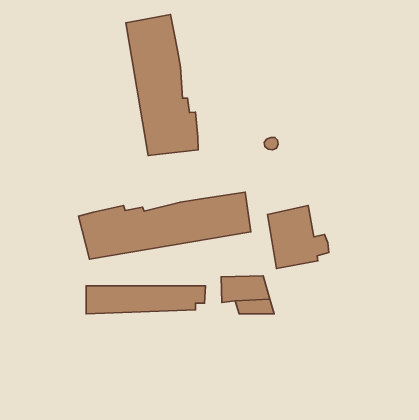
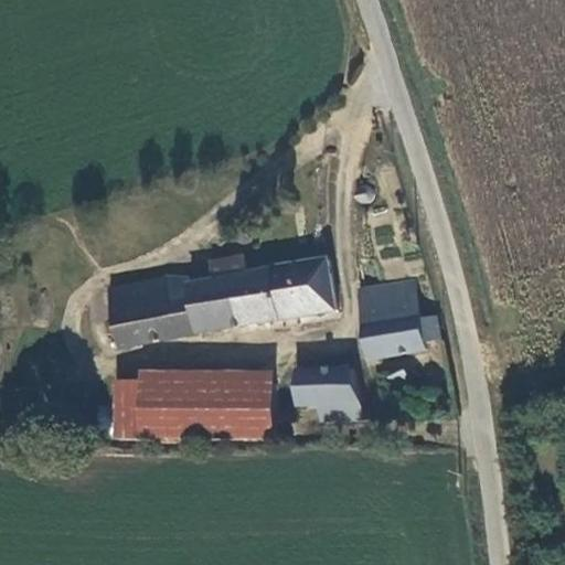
building: [126,14,198,155] -> none
building: none -> [115,404,273,436]

